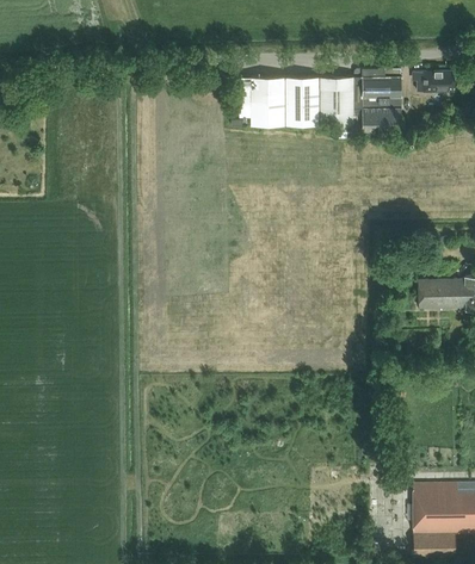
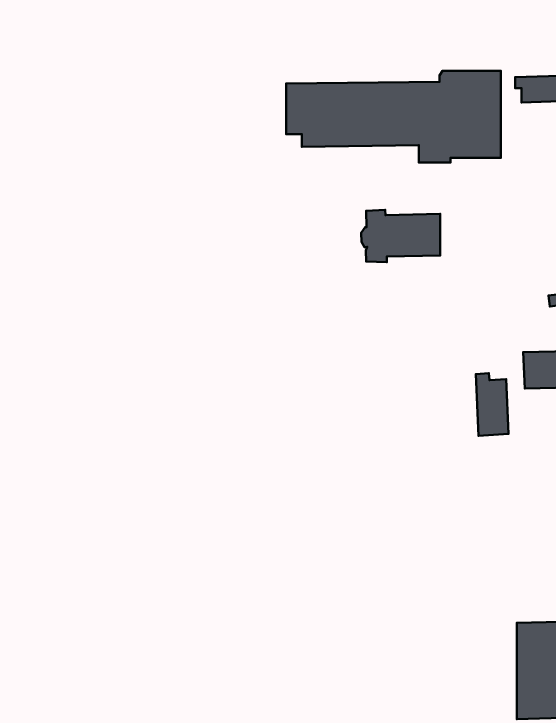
building: none -> [361,210,440,262]
building: none -> [476,373,508,436]

